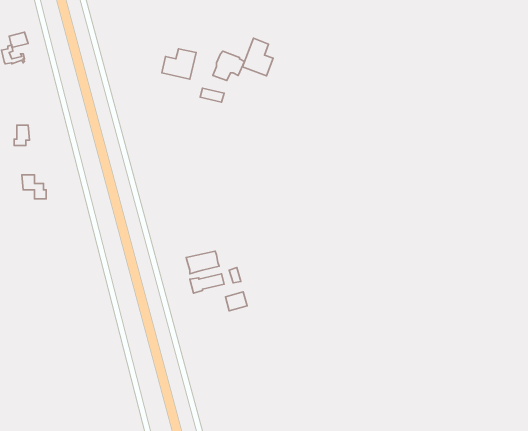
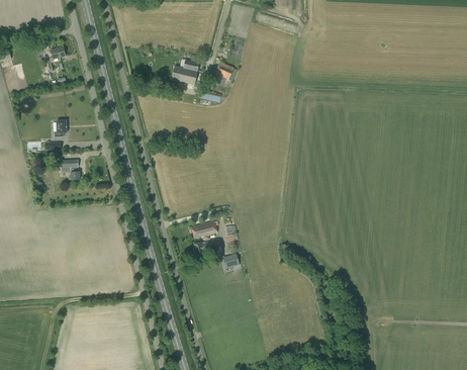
building: [243,38,273,76] -> none

